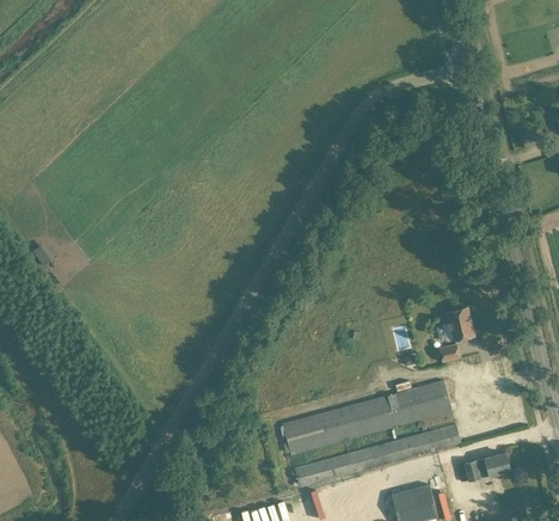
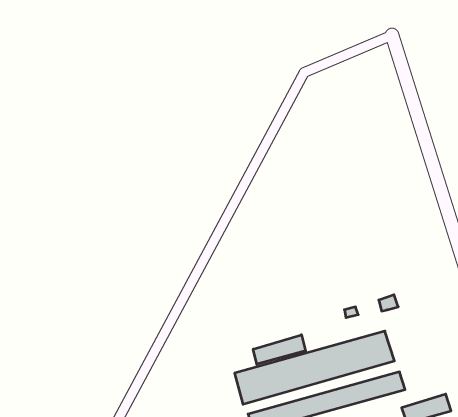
building: [440,307,474,341] -> none
building: none -> [253,335,306,364]

